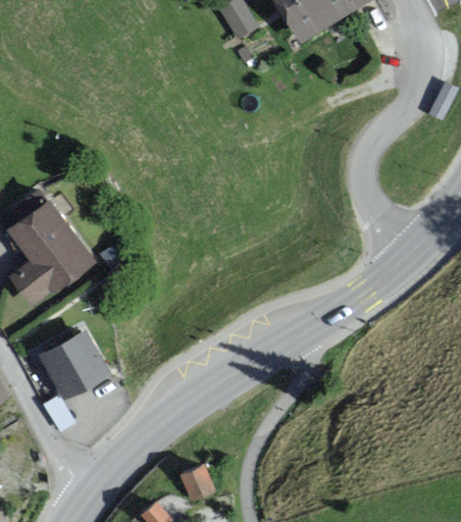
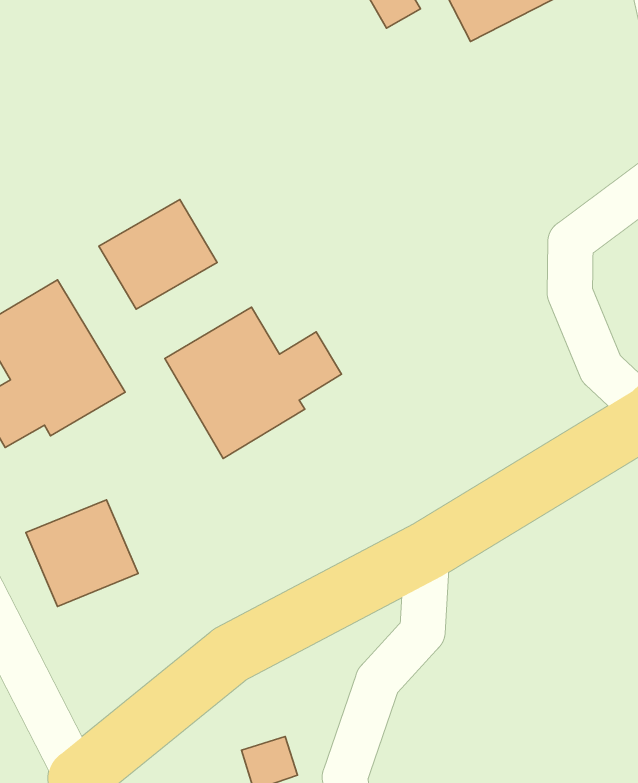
building: none -> [99,199,217,309]
building: none -> [165,307,341,459]

